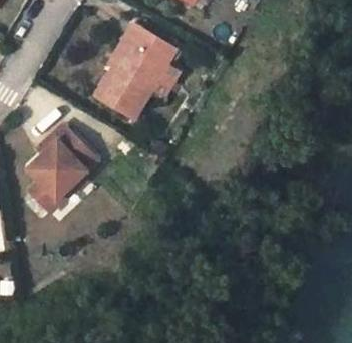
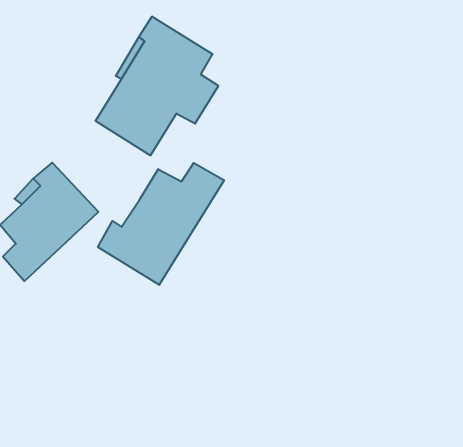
building: none -> [98,163,224,285]

